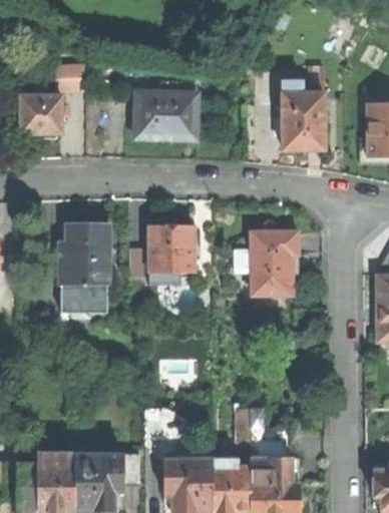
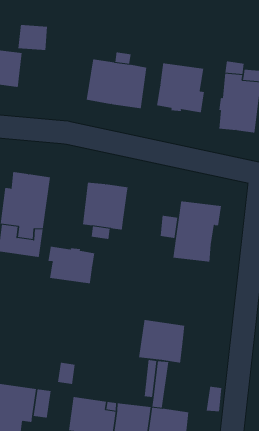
building: none -> [157,62,205,113]
building: none -> [48,246,95,284]
building: none -> [139,319,185,364]

